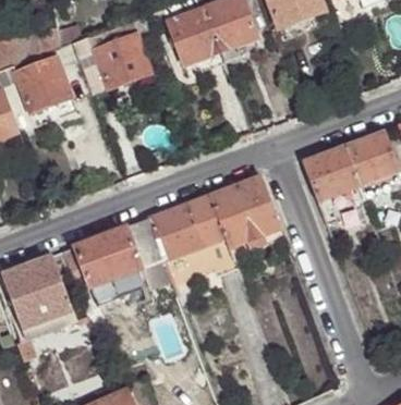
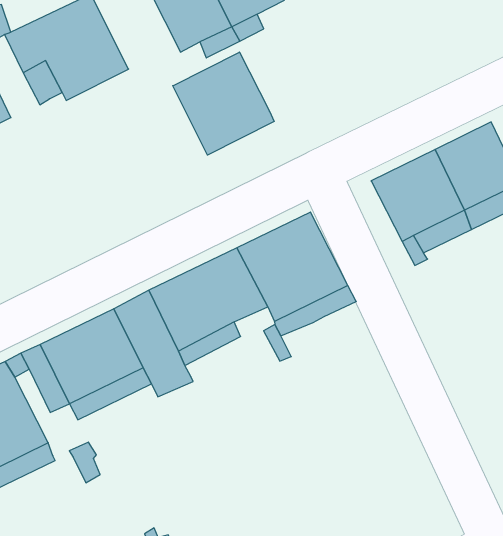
building: none -> [173,52,274,155]

